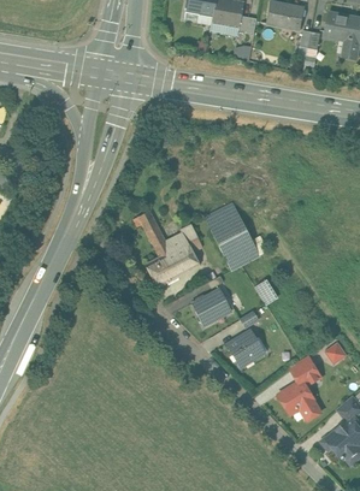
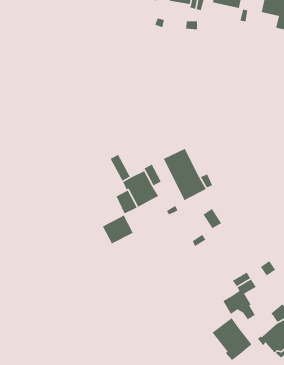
building: [191,288,231,325] -> [102,215,134,245]
building: [226,329,266,368] -> none
building: none -> [212,317,253,361]

